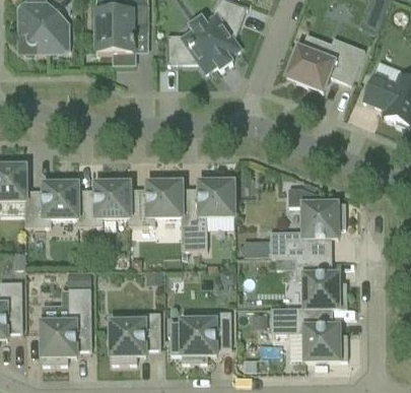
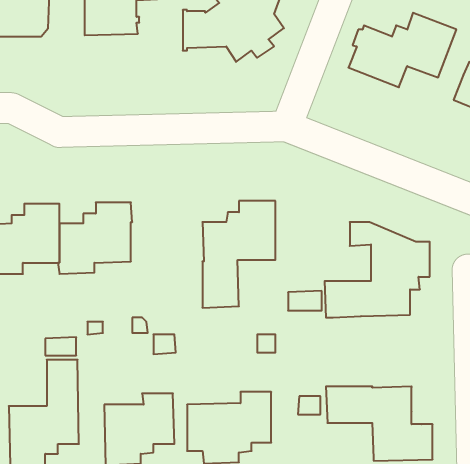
building: [129,173,182,224] -> none
building: [275,255,346,308] -> none

